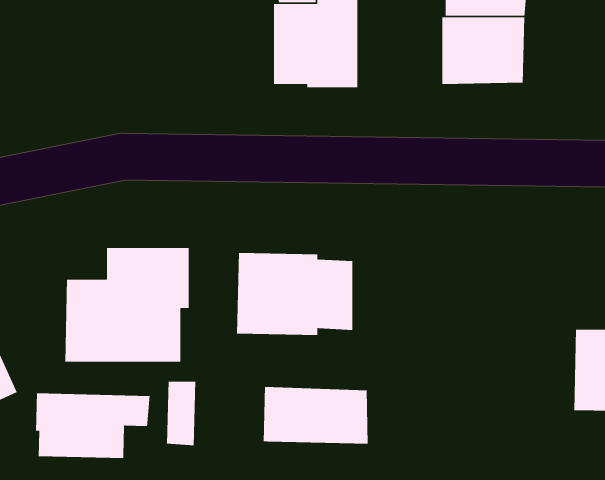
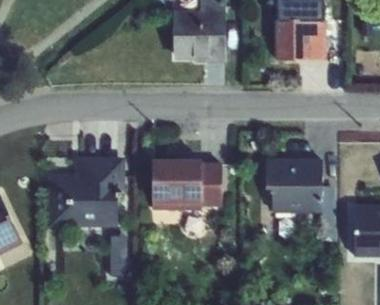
building: none -> [266,159,333,240]
building: [263,386,368,444] -> none
building: [35,393,150,459] -> none

